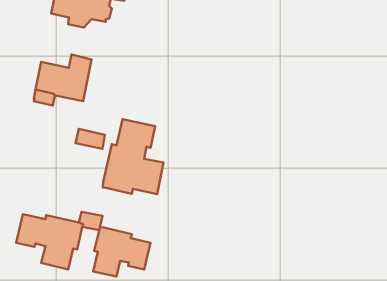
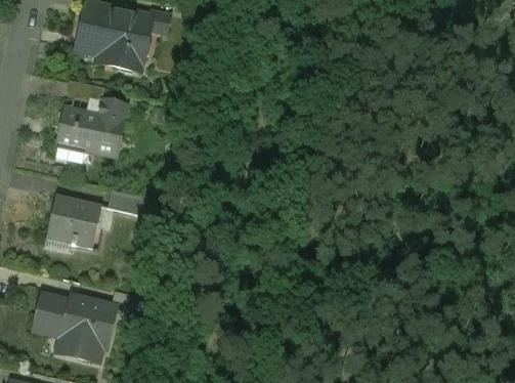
building: [103,119,164,194] -> none
building: none -> [46,194,101,247]
building: [93,227,150,277] -> none

